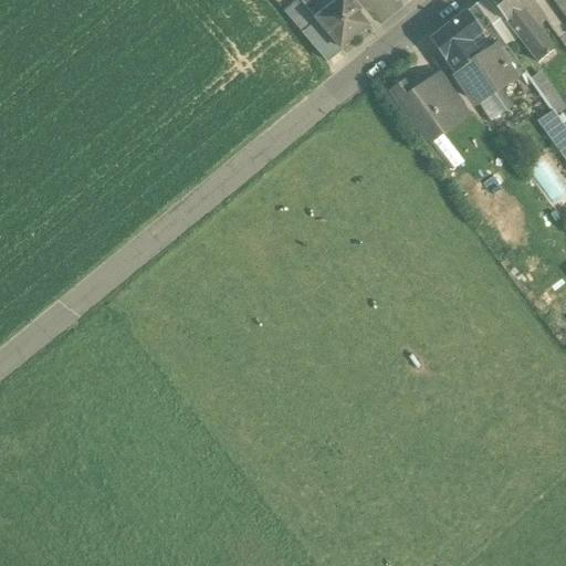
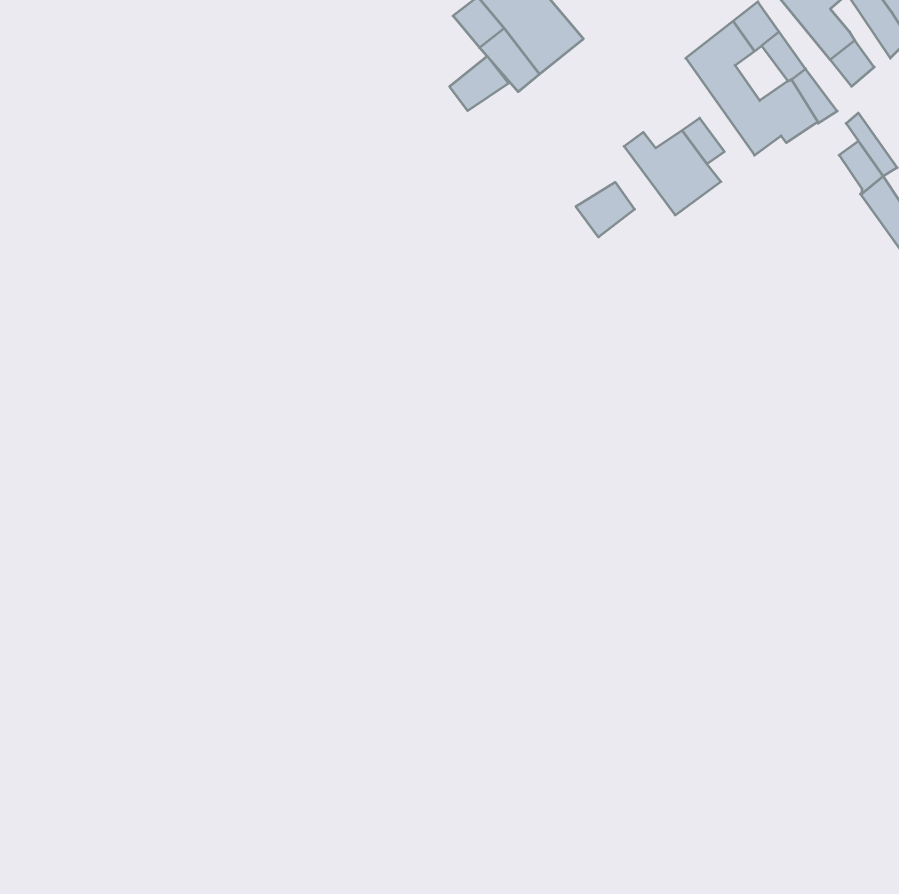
building: none -> [450,56,508,111]
building: none -> [576,182,635,237]

